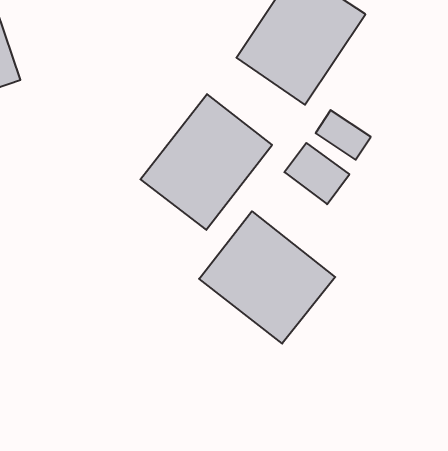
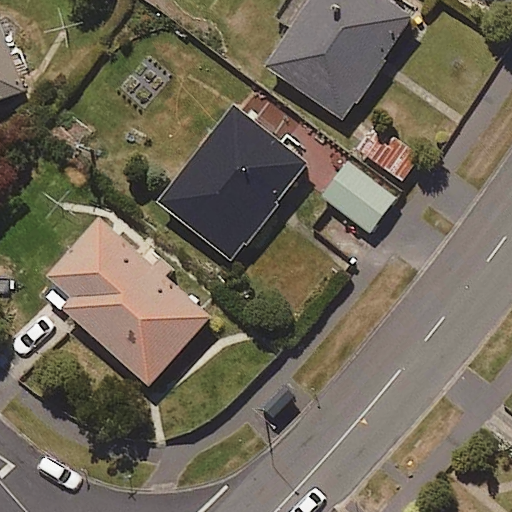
building: none -> [39,219,209,386]
building: [199,211,335,344] -> none

